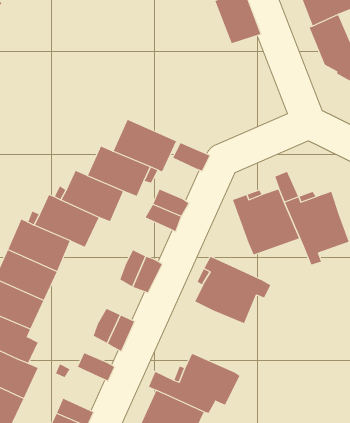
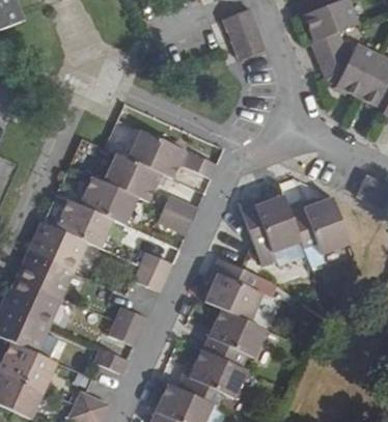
building: none -> [201,309,267,367]

